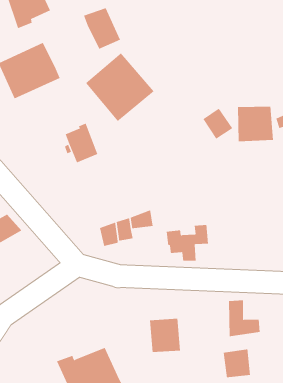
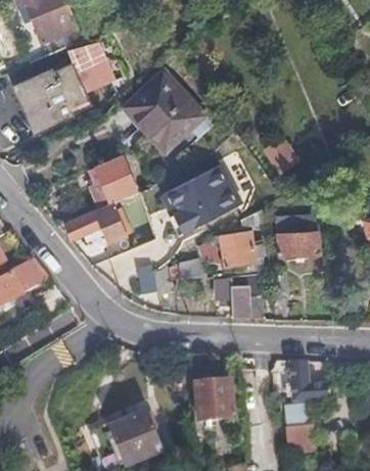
building: [83,8,121,50] -> [70,40,113,89]
building: [237,106,274,142] -> [278,214,321,255]
building: none -> [161,155,242,229]
building: none -> [67,203,131,242]
building: none -> [222,230,260,267]

